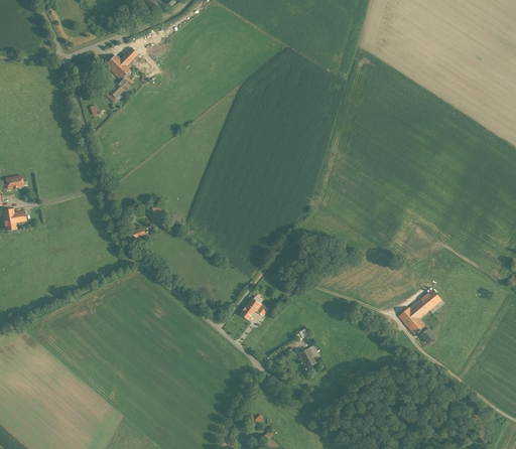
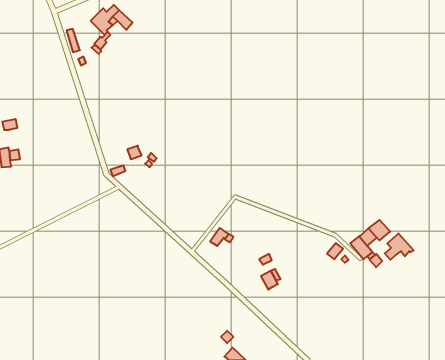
building: none -> [385,233,414,260]

